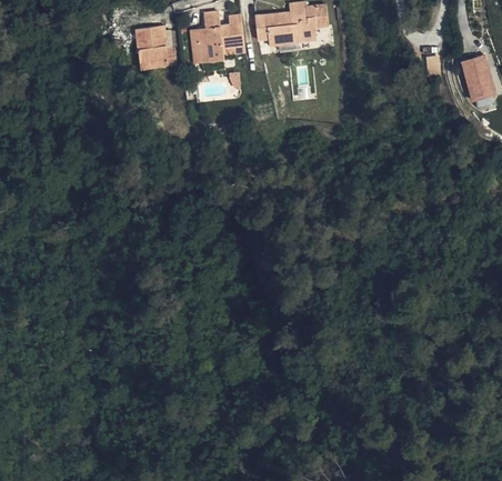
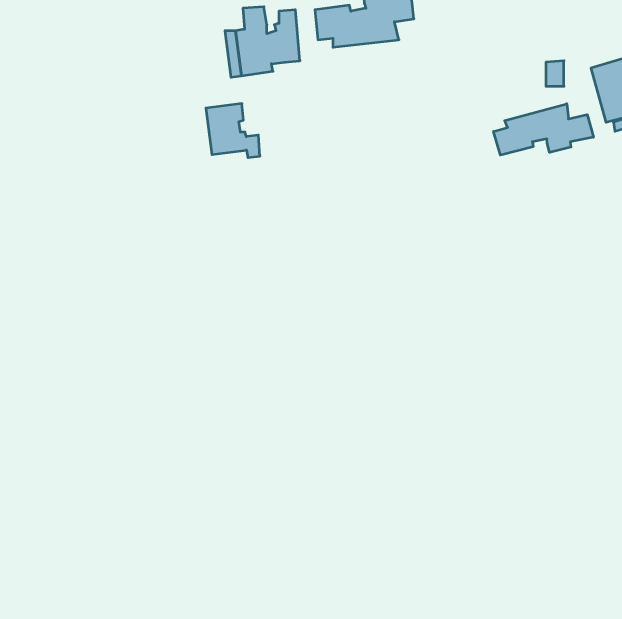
building: [134,28,174,68] -> [206,104,260,158]
building: none -> [494,104,593,155]

